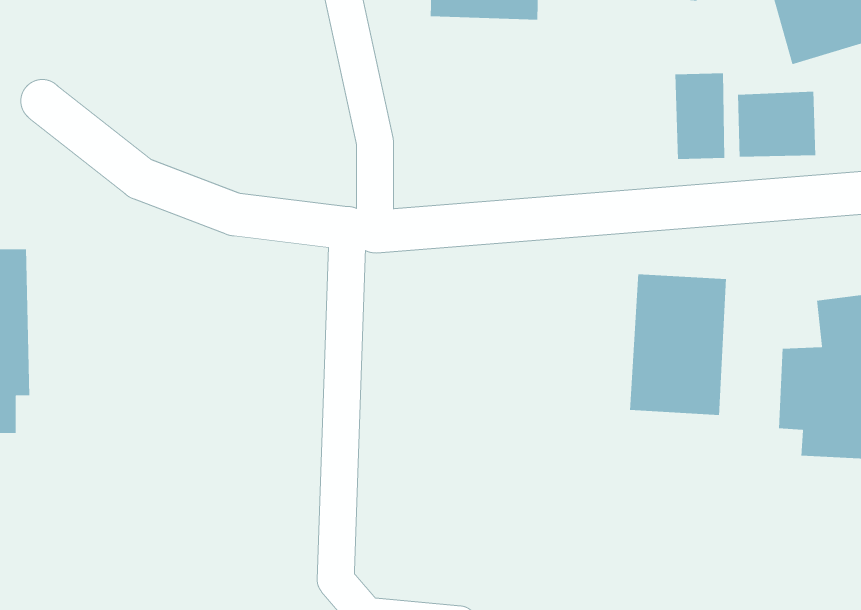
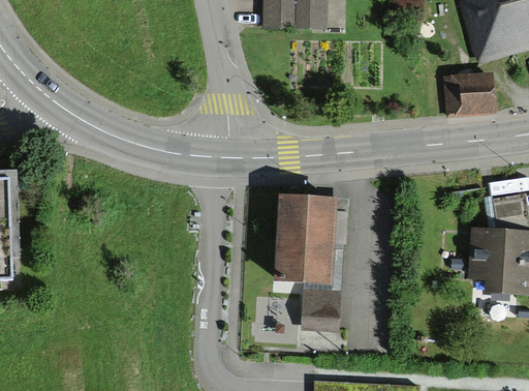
building: [675,73,725,160] -> none
building: [629,273,727,416] -> [276,200,335,285]
building: none -> [299,295,336,330]

